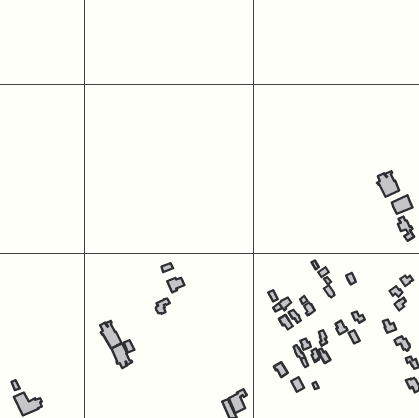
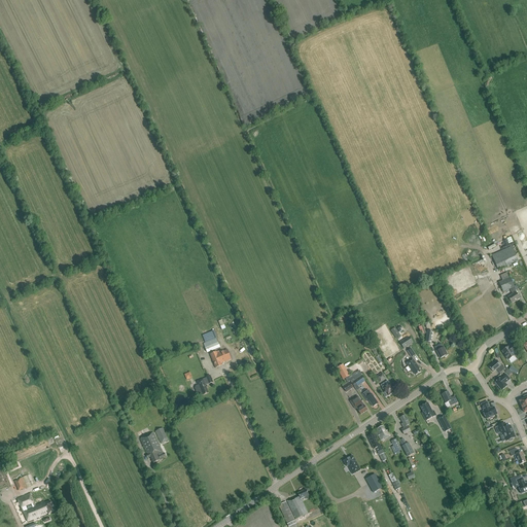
building: [377,171,399,197] -> none
building: [100,321,121,349] -> none

